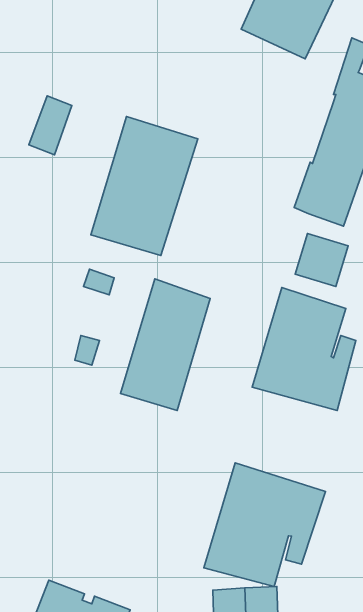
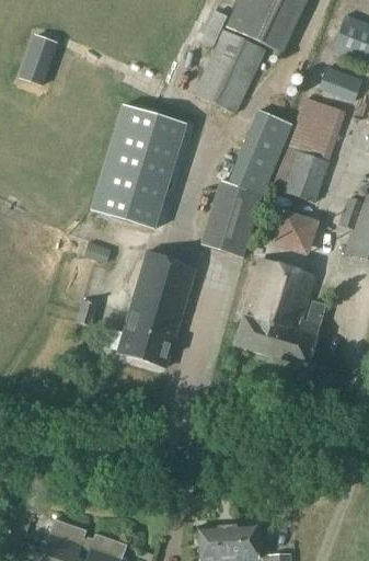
building: none -> [193,28,266,114]
building: [29,96,72,155] -> [19,34,57,87]
building: none -> [199,110,291,257]
building: [204,463,326,587] -> none

